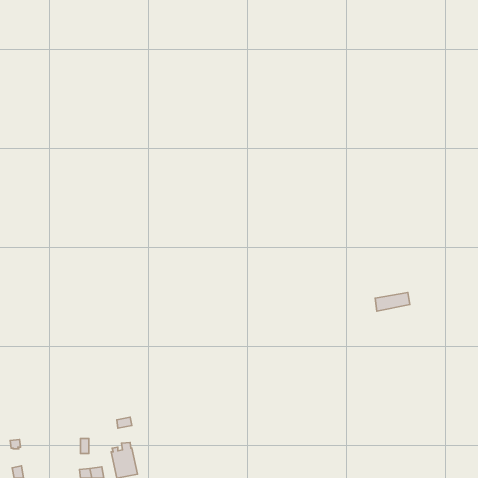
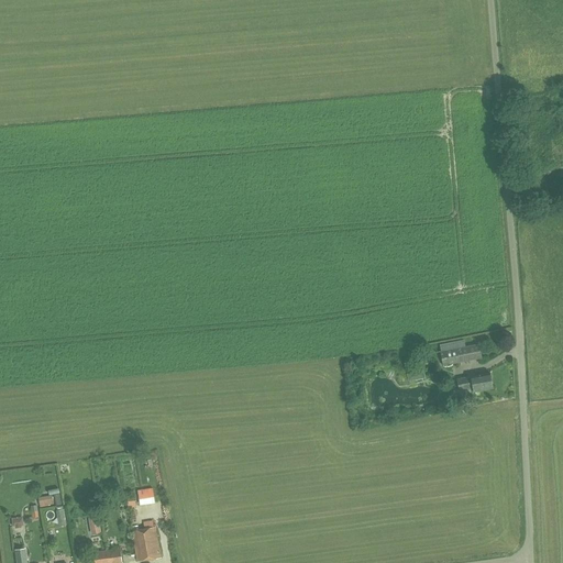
building: none -> [456,372,493,390]

